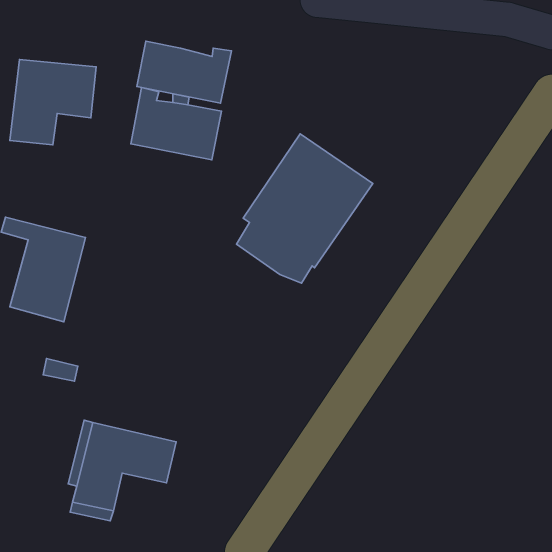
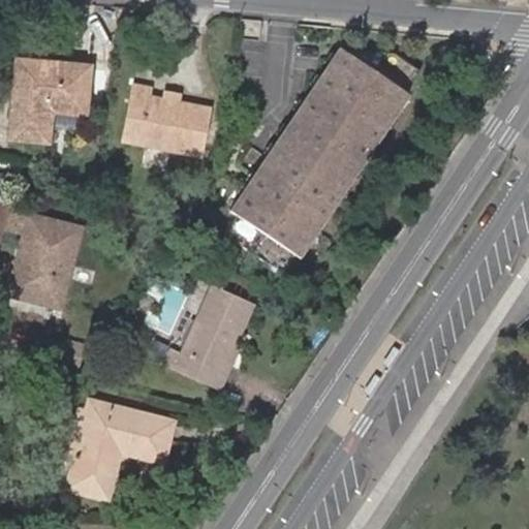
building: [137,41,231,103] -> none
building: none -> [287,52,421,176]
building: none -> [158,285,250,388]

